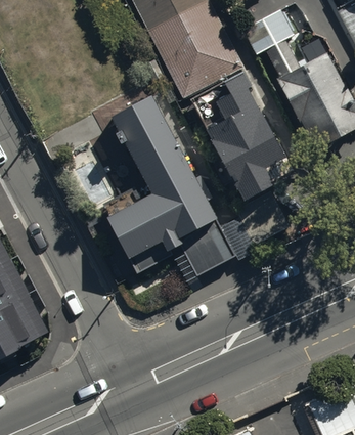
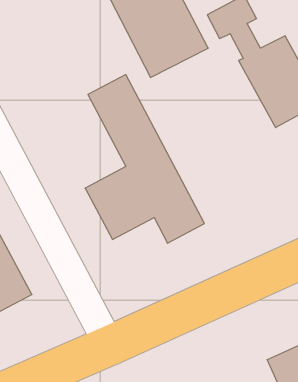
building: [188,72,294,202] -> none

